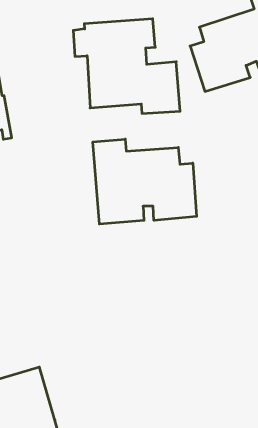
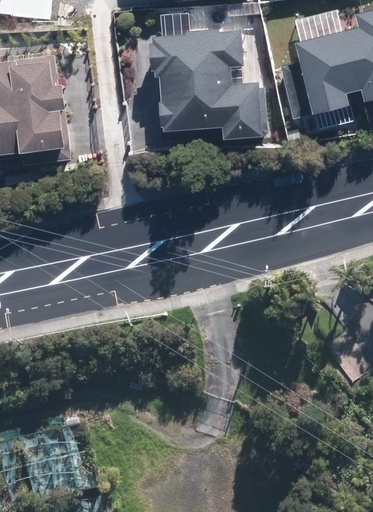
building: [93,139,197,224] -> none

